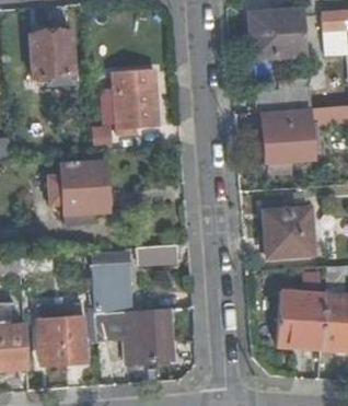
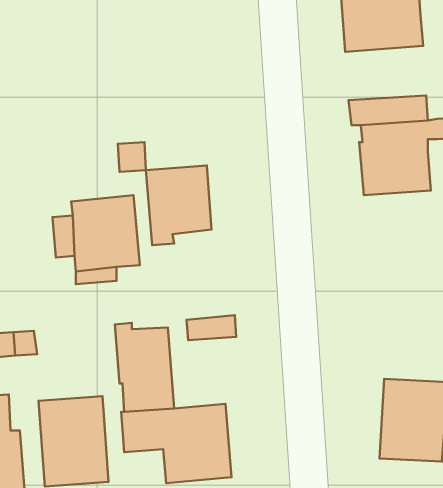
building: [30,32,76,85] -> none
building: [112,70,158,126] -> [146,166,211,245]
building: [264,208,313,258] -> none

